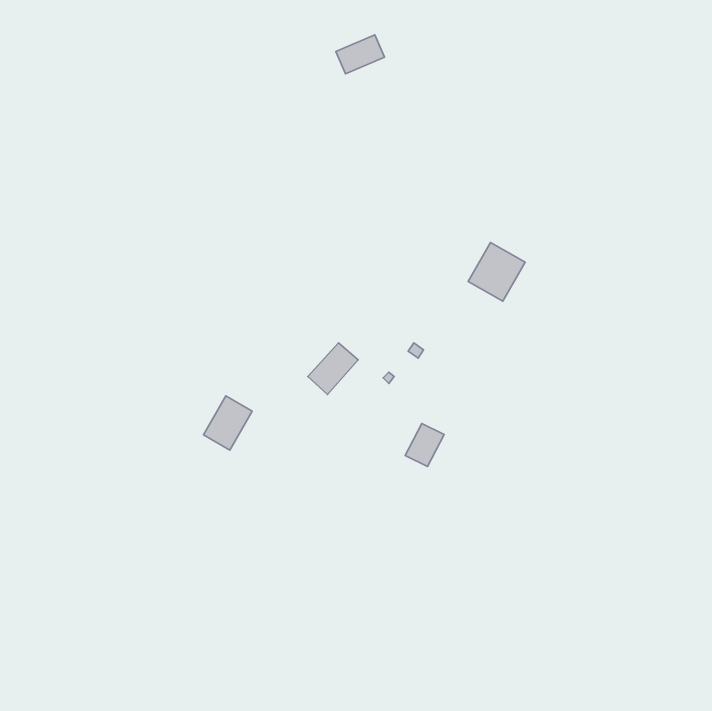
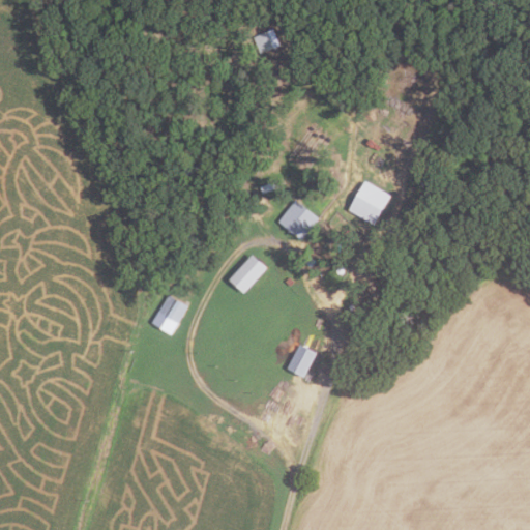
building: none -> [277,199,318,239]
building: [405,423,444,467] -> [287,345,316,377]

